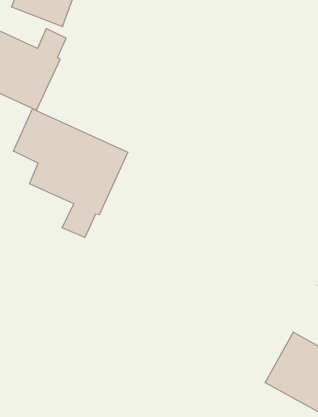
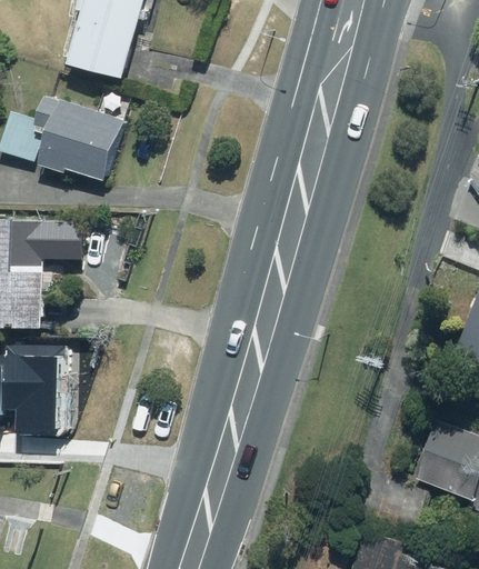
building: [13,109,128,238] -> none

